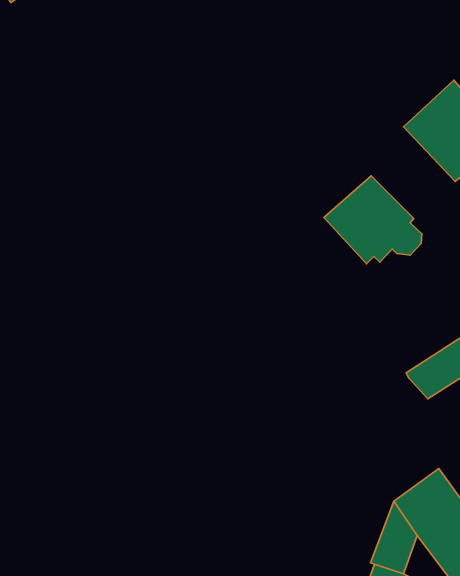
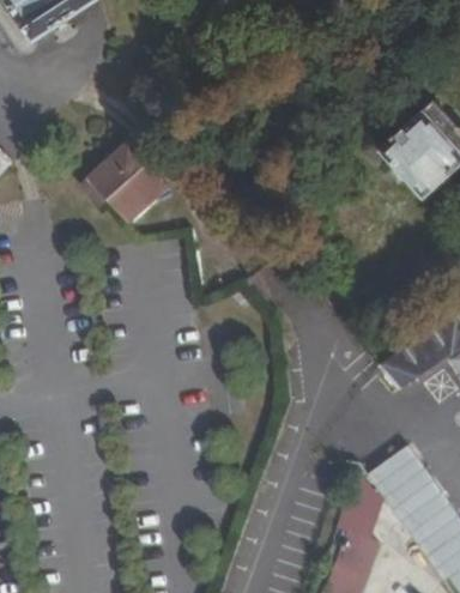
building: none -> [84,139,170,224]
building: [324,176,422,264] -> none

